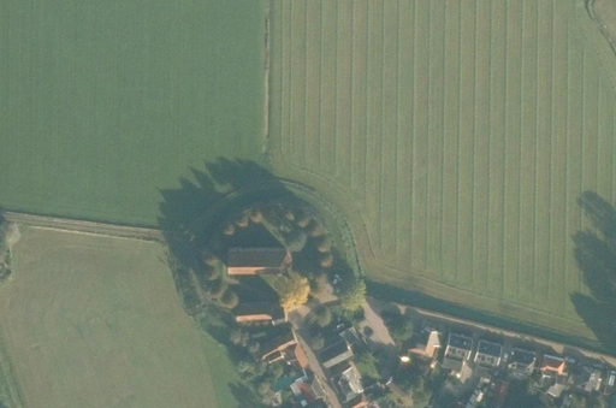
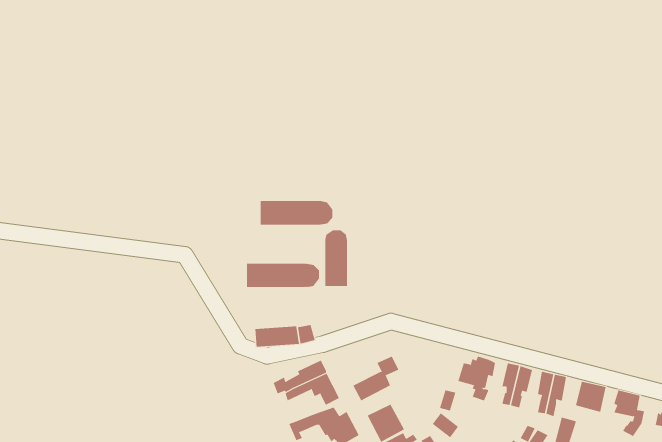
building: none -> [260,200,333,226]
building: none -> [325,230,348,287]

